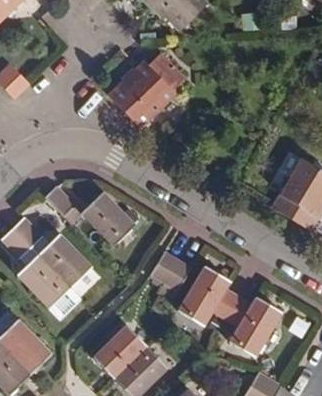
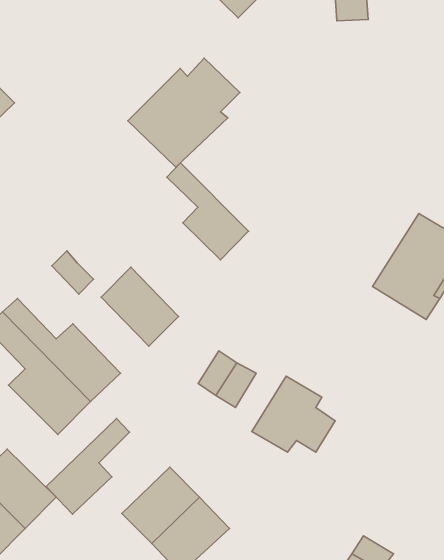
building: none -> [167,163,249,260]
building: none -> [46,418,130,514]
building: [228,298,284,351] -> none

